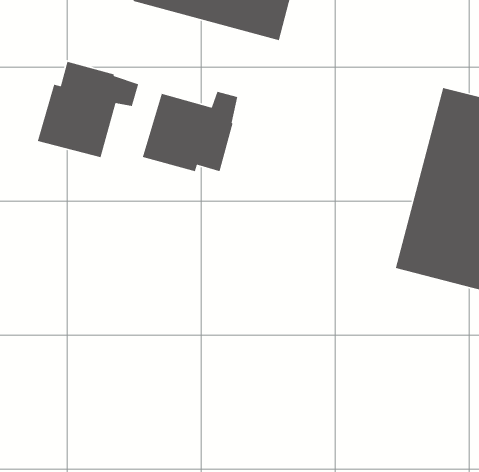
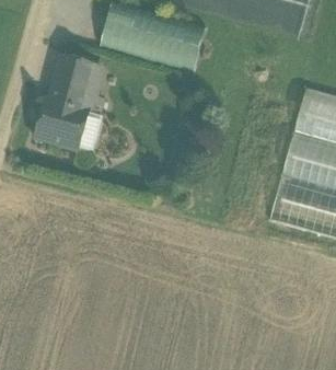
building: none -> [56,47,95,83]
building: [142,91,238,172] -> none

